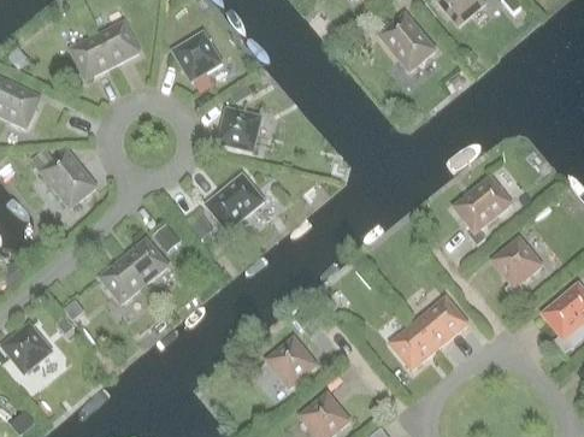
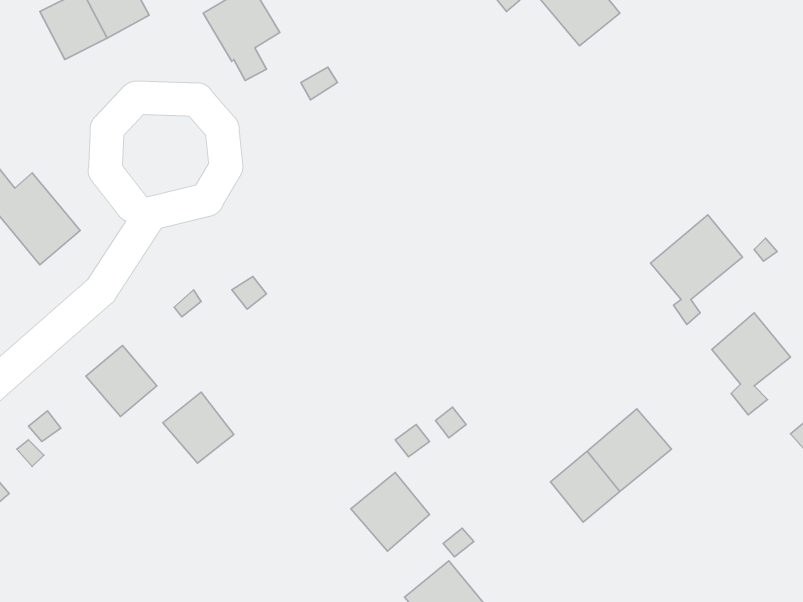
building: [219,107,261,150] -> none
building: [207,173,264,229] -> none
building: [123,238,167,283] -> [163,392,234,463]

